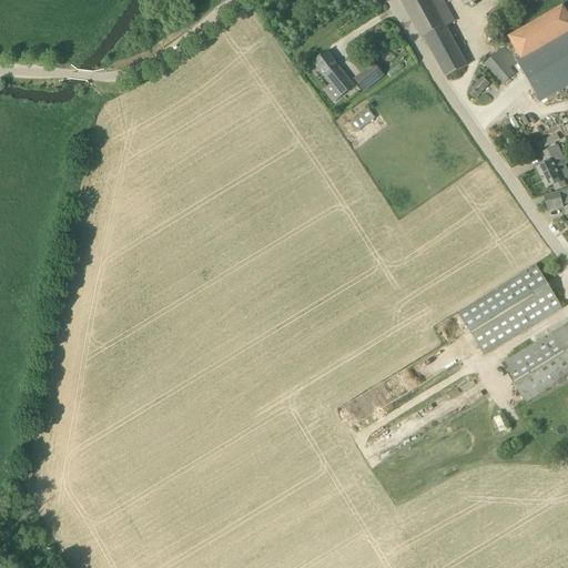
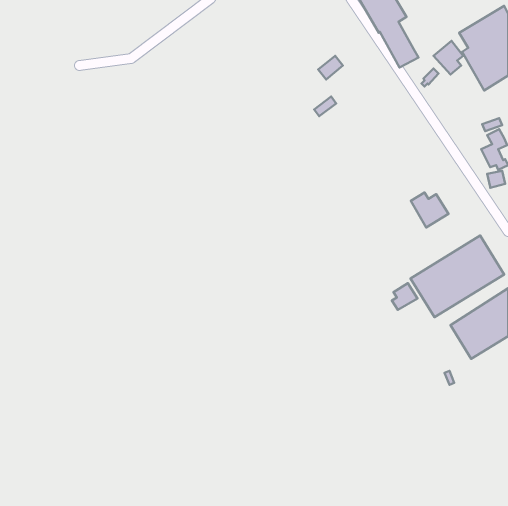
building: [314,50,354,100] -> none
building: none -> [411,192,449,228]
building: none -> [392,283,418,310]

